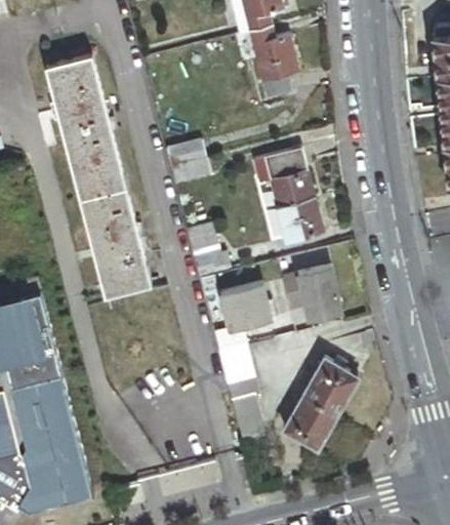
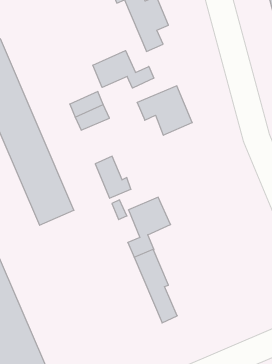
building: none -> [93,51,154,88]
building: [277,196,325,242] -> none
building: [280,266,338,321] -> none
building: [285,359,361,448] -> none

